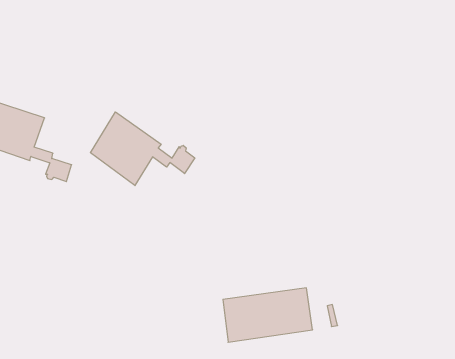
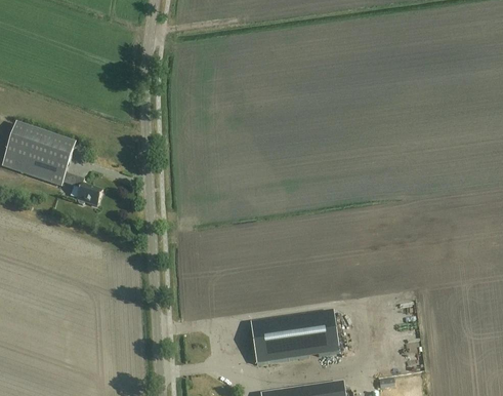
building: [90,112,195,186] -> none

